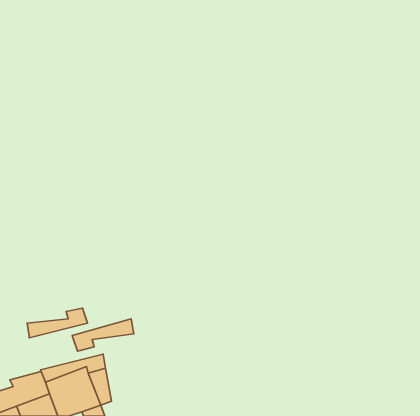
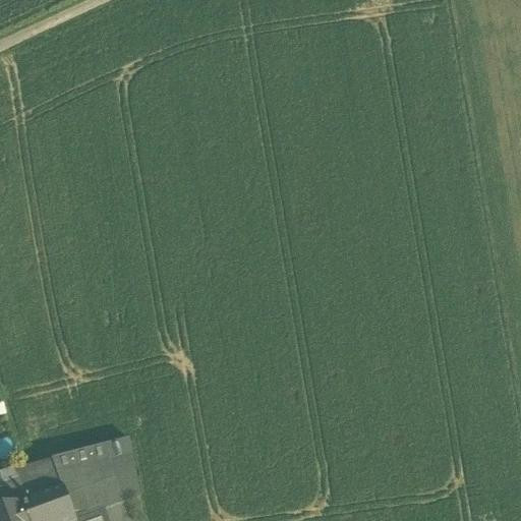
building: [27,308,87,338] -> none
building: [72,319,134,351] -> none

